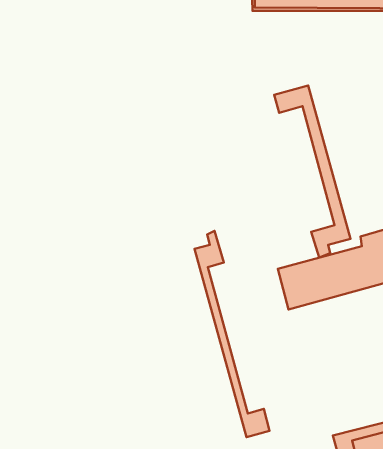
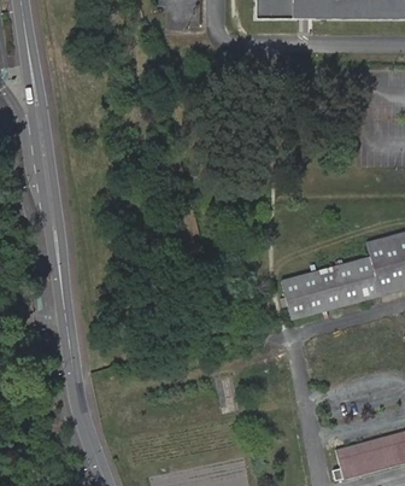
building: [274,86,350,258] -> none
building: [195,231,270,437] -> none

